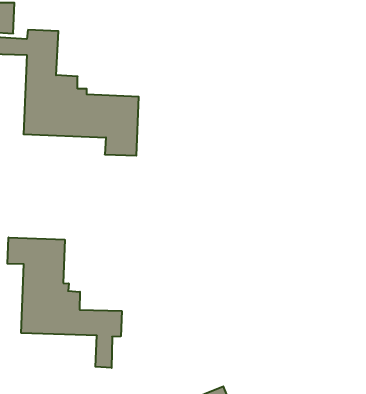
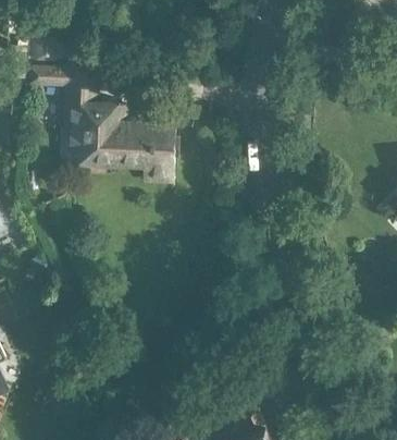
building: [7,237,122,368] -> none

